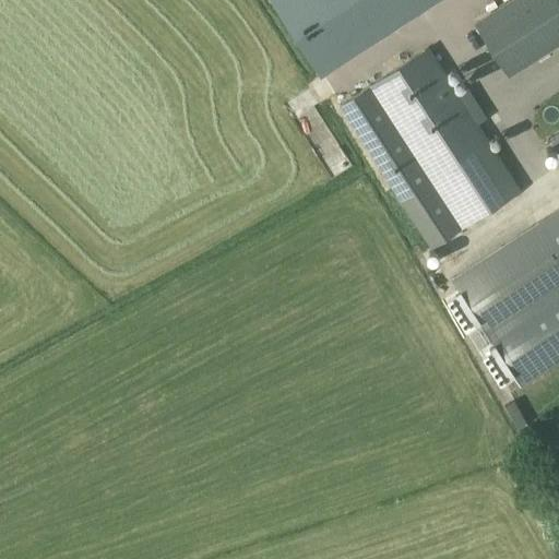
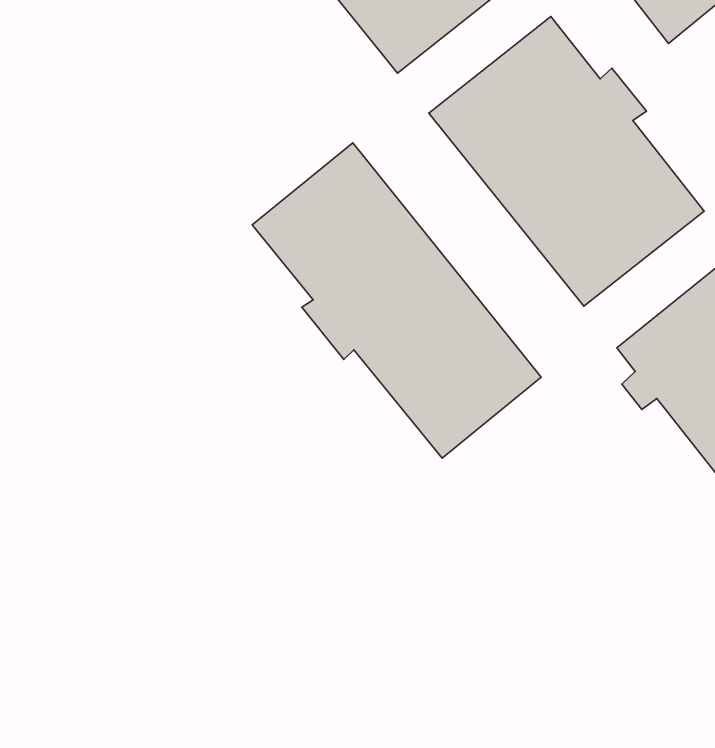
building: none -> [252,143,541,458]

